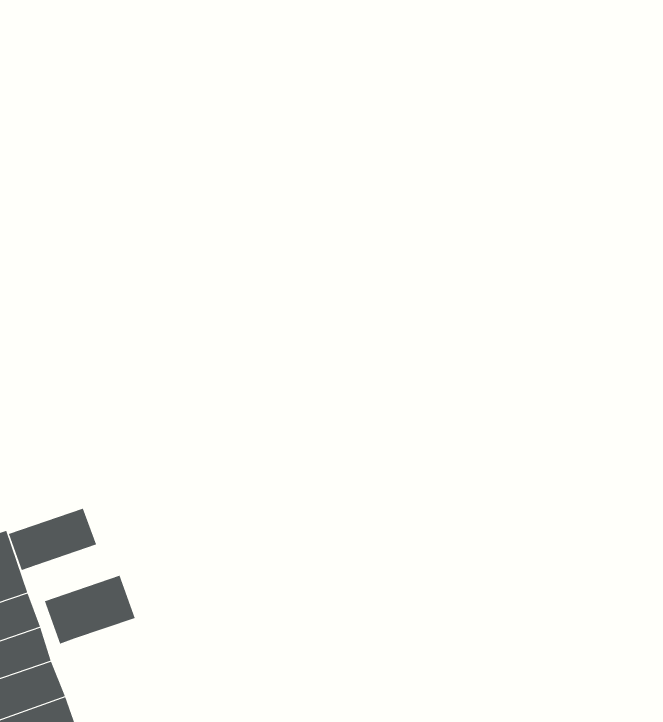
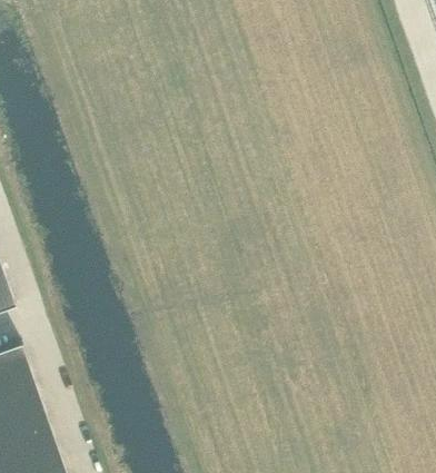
building: [8,508,97,571] -> none
building: [44,575,135,644] -> none

